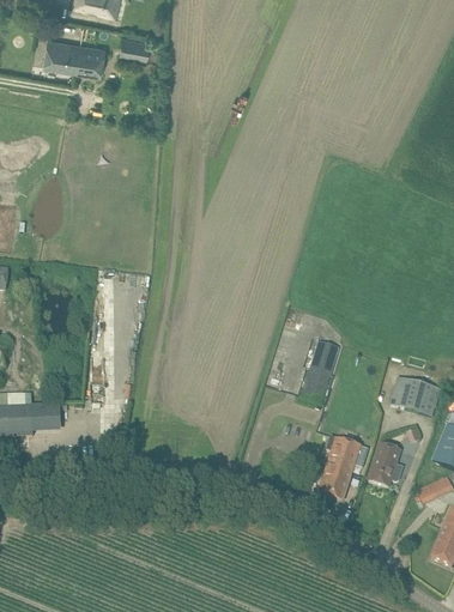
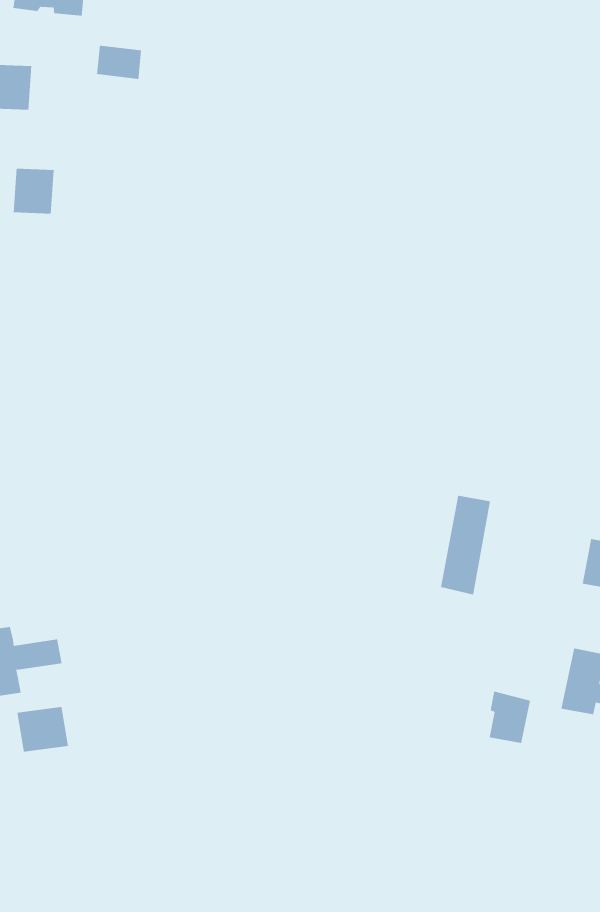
building: [77,43,105,74] -> [13,168,55,214]
building: [327,435,369,472] -> none
building: none -> [17,706,68,753]

